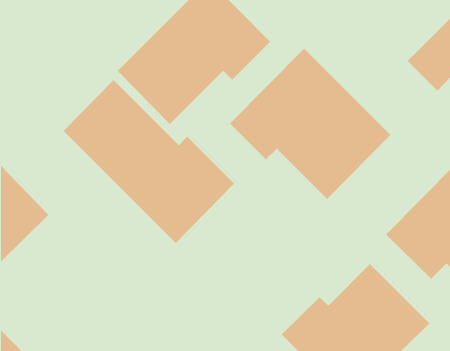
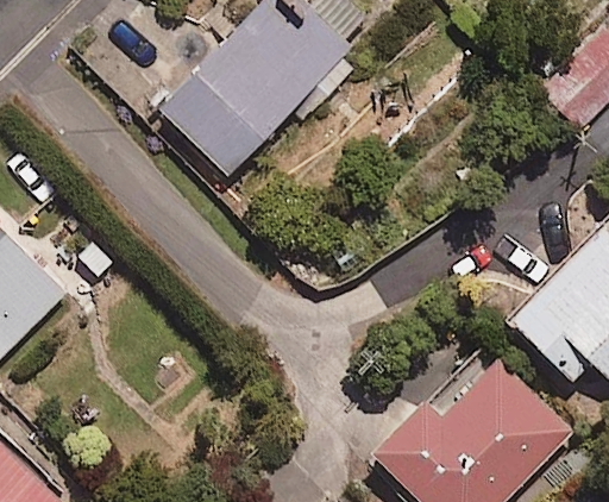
building: [229,48,391,200] -> none
building: [63,79,235,244] -> none

